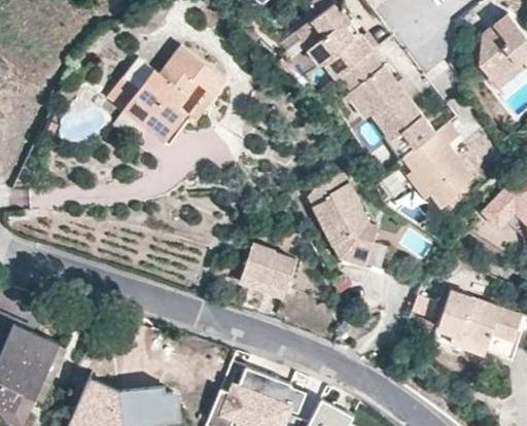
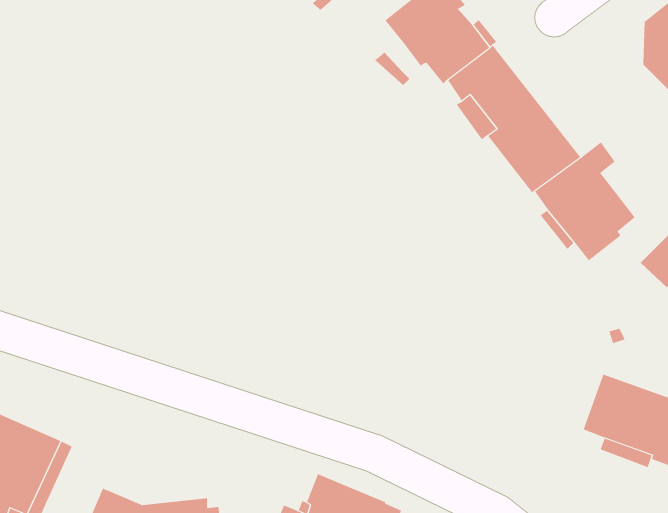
building: [107,46,229,145] -> none
building: [314,174,379,269] -> none
building: [239,244,297,301] -> none

